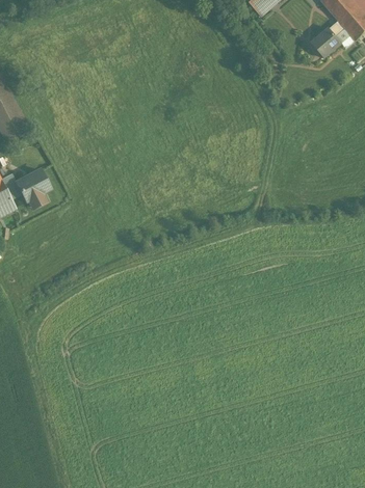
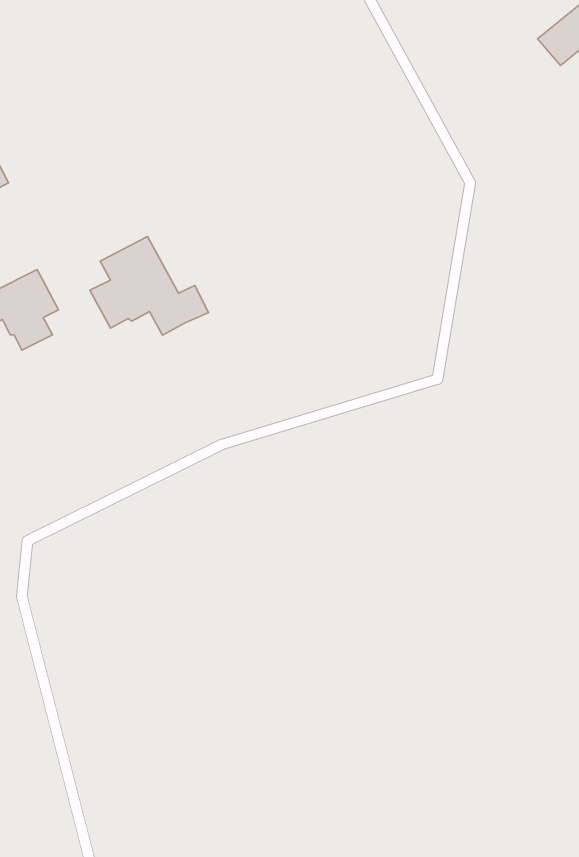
building: none -> [90,236,208,335]

